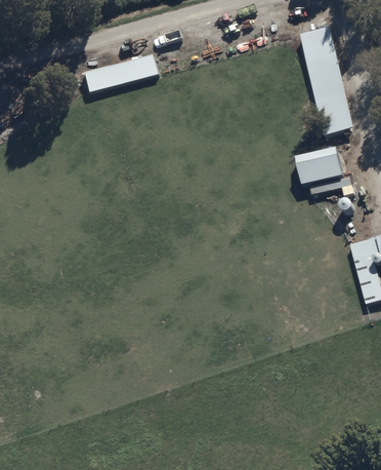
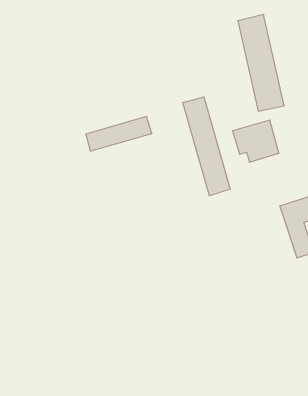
building: [86,54,162,94] -> [86,116,152,151]
building: none -> [183,97,230,196]

